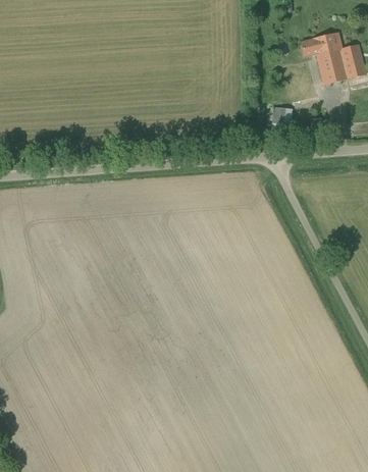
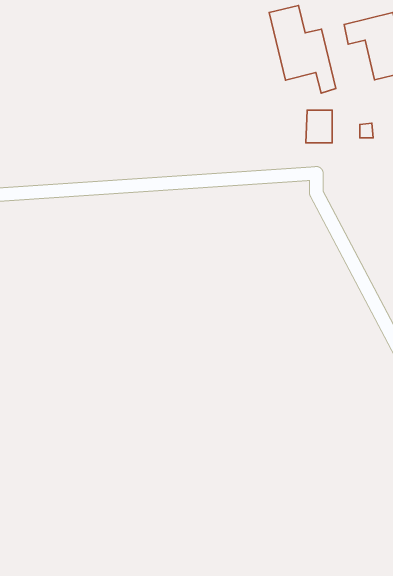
building: none -> [269,5,336,93]

